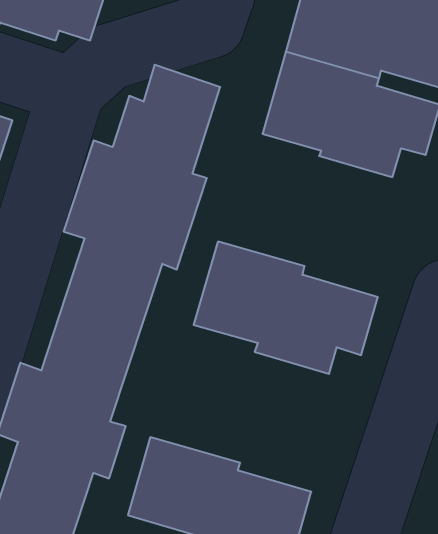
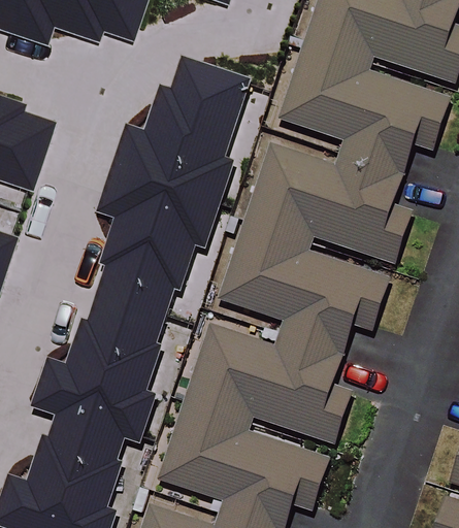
building: none -> [242,135,409,265]
building: none -> [179,320,349,444]

